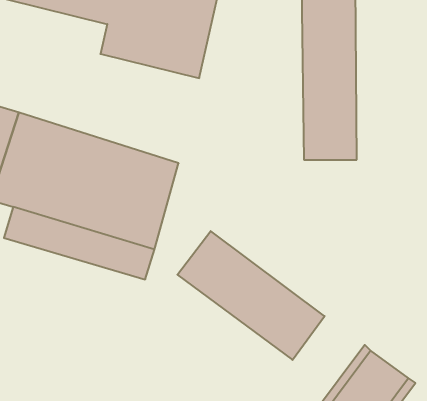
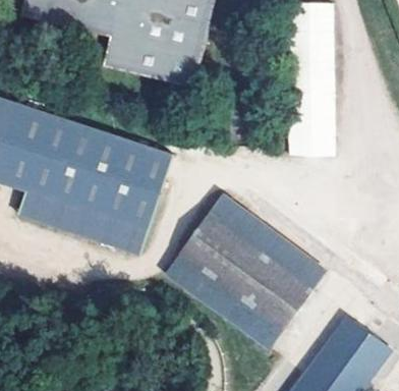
building: none -> [207,197,322,291]
building: none -> [163,255,279,349]

